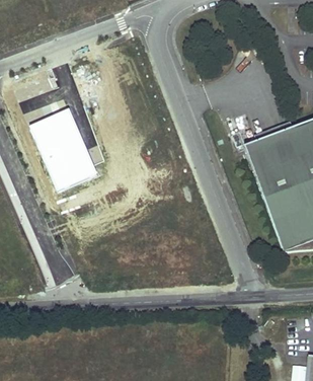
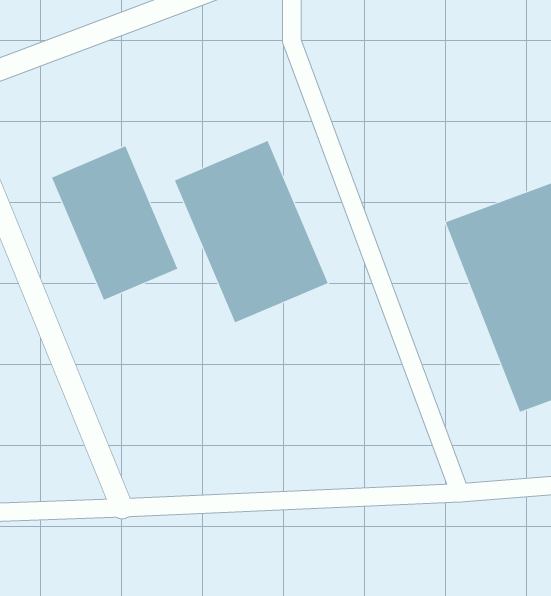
building: none -> [174,140,329,323]

